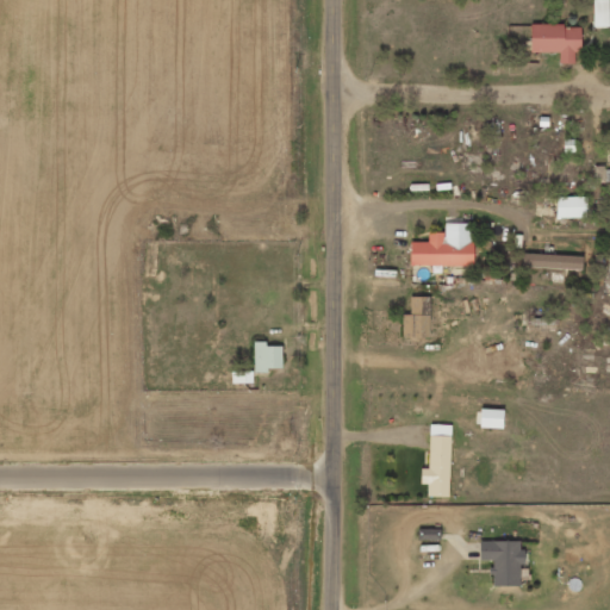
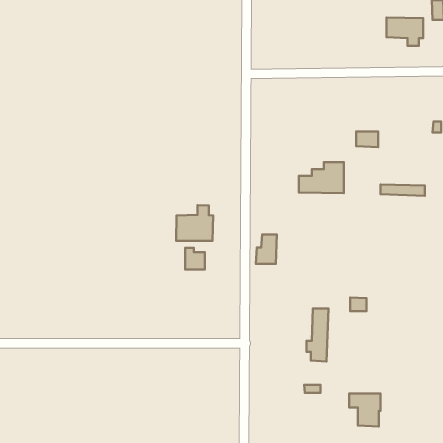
building: [558,197,587,218] -> [356,131,378,147]
building: none -> [176,205,213,241]
building: [403,297,431,337] -> [256,234,277,264]

